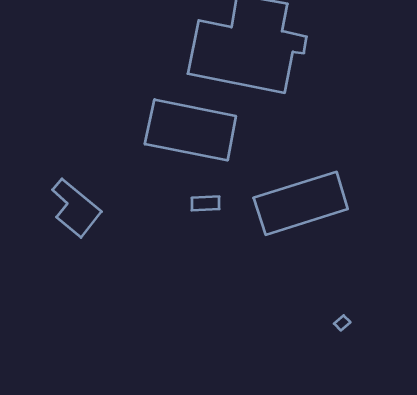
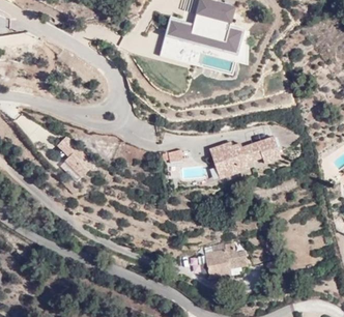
building: [145,99,236,160] -> none
building: none -> [204,240,247,278]

